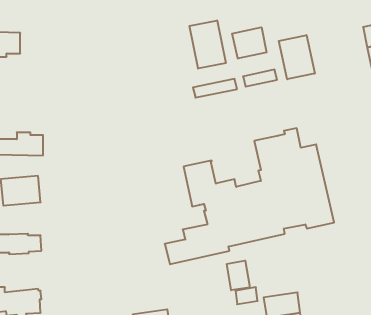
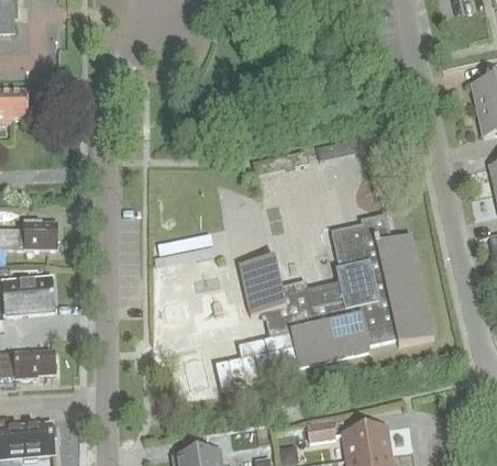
building: [189,20,226,69] -> none
building: [232,27,267,59] -> none
building: [279,35,315,79] -> none
building: [227,261,250,290] -> none

